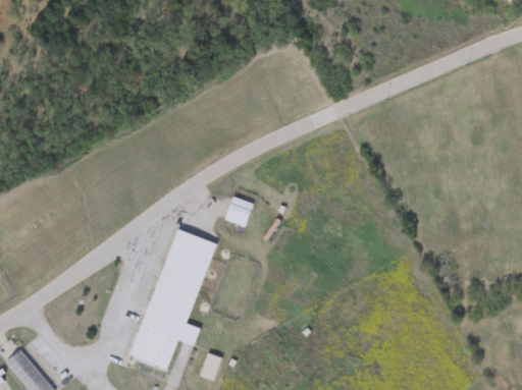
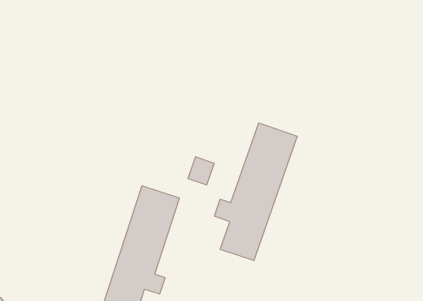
building: none -> [215,123,297,261]

